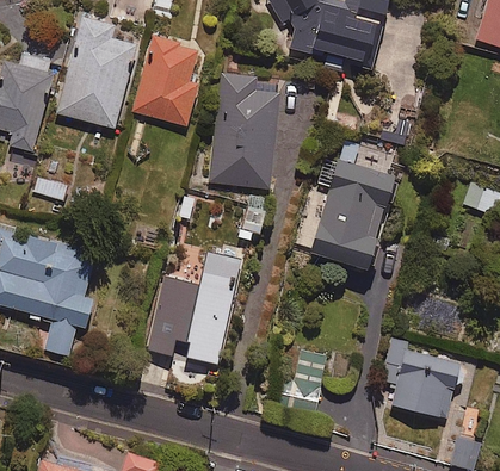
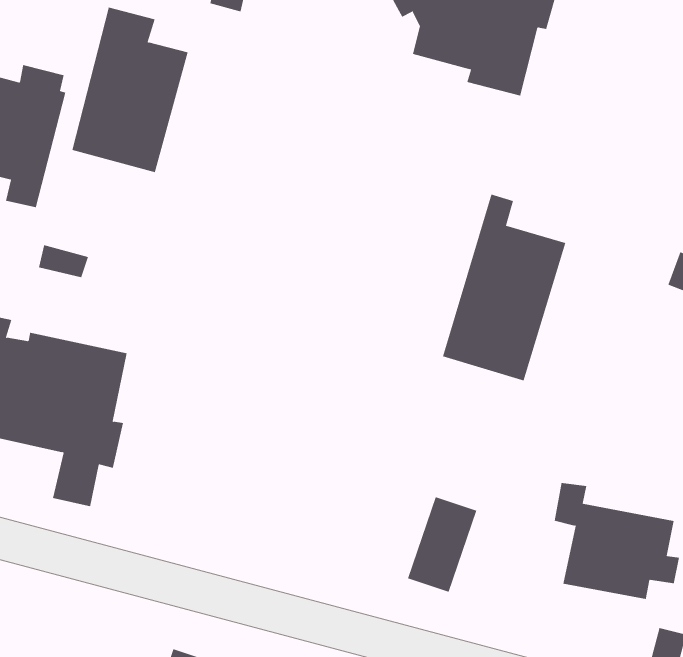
building: [131,36,198,125] -> none
building: [210,74,280,188] -> none
building: [150,252,241,364] -> none

